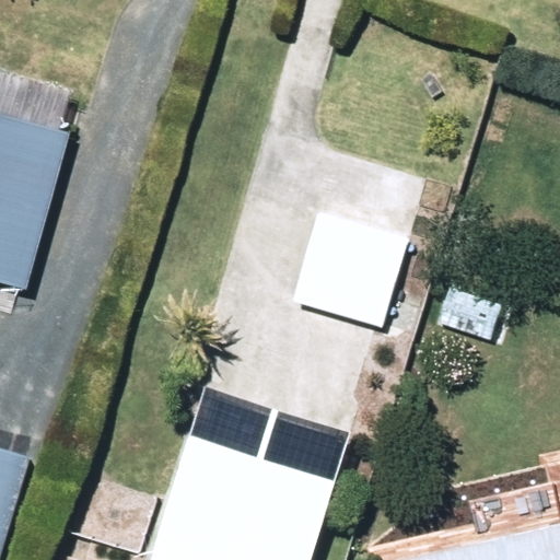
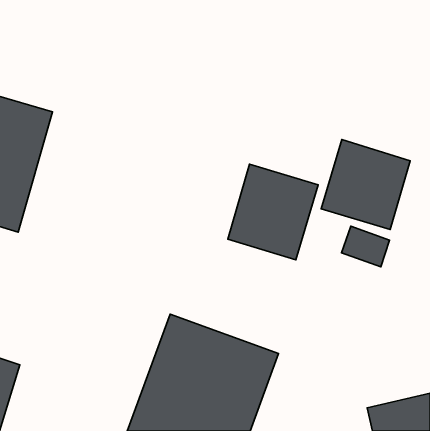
building: none -> [321,140,410,229]

